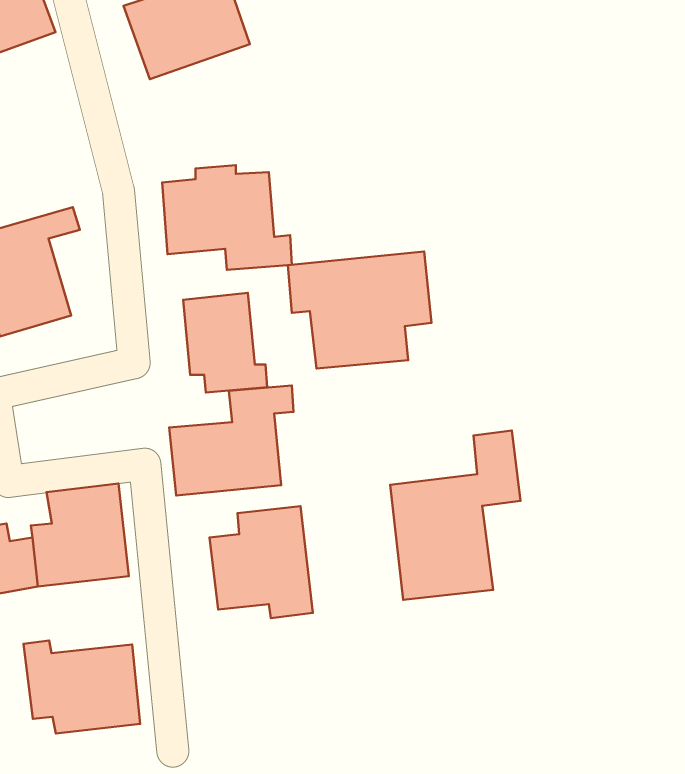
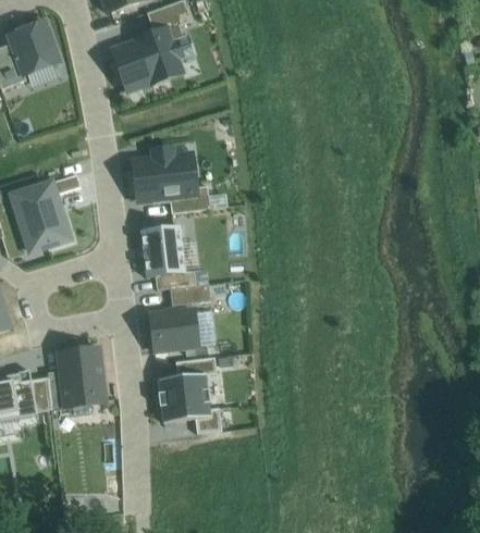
building: [288,252,432,369] -> none
building: [390,430,520,600] -> none
building: [24,641,140,734] -> none

